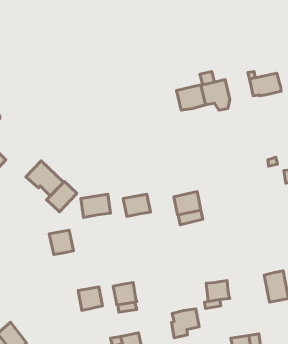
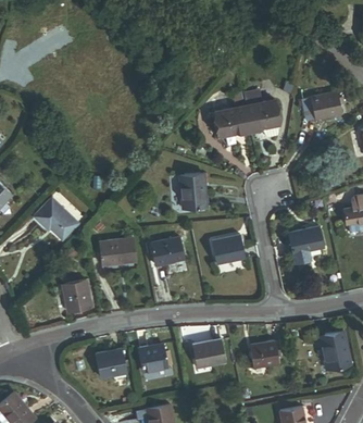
building: none -> [179,174,205,209]
building: [46,182,77,212] -> none
building: none -> [288,226,322,262]
building: [171,309,199,338] -> [191,339,225,374]

